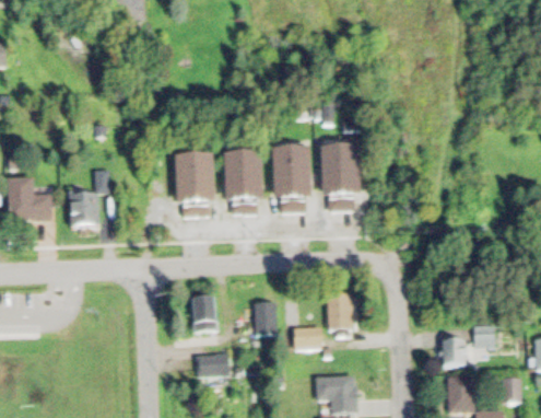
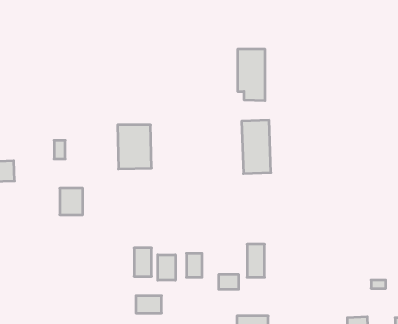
building: [275,148,308,209] -> [238,49,265,101]
building: [226,151,262,205] -> none
building: [71,193,98,224] -> [60,188,83,215]
building: none -> [158,255,175,280]
building: [443,342,466,367] -> none

